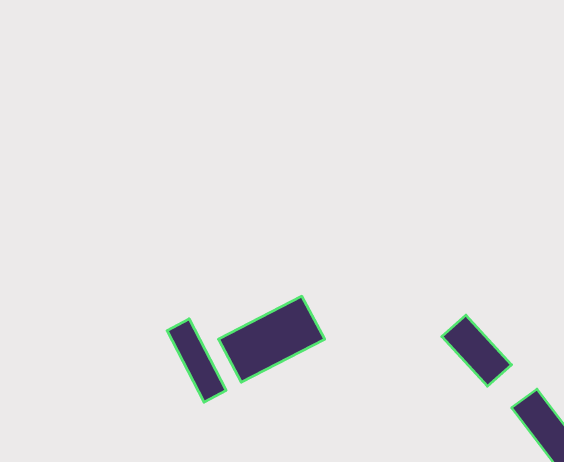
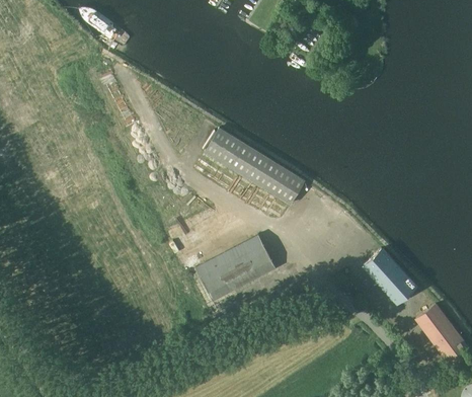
building: none -> [208,132,305,204]
building: [167,319,226,402] -> none

